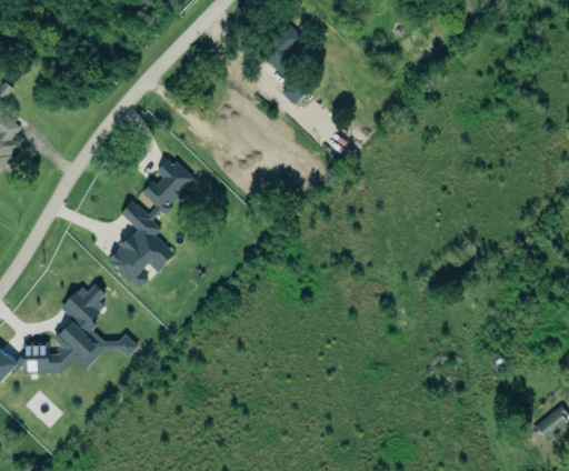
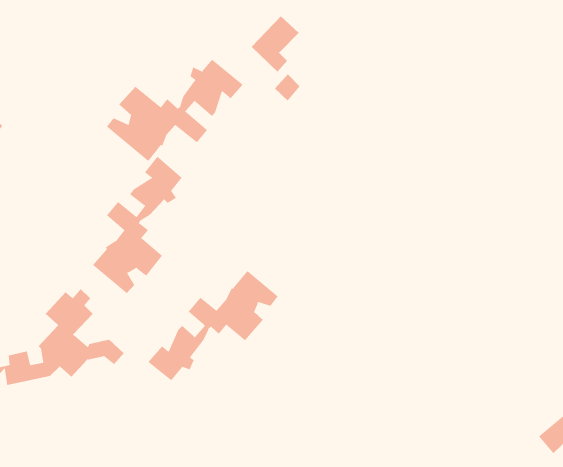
building: none -> [106,59,244,162]
building: none -> [148,270,279,381]

